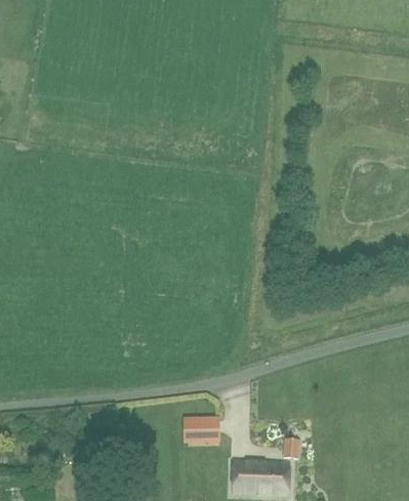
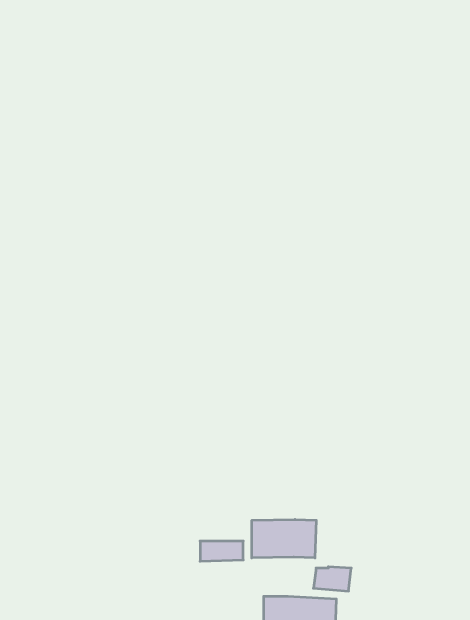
building: none -> [252,519,316,558]

